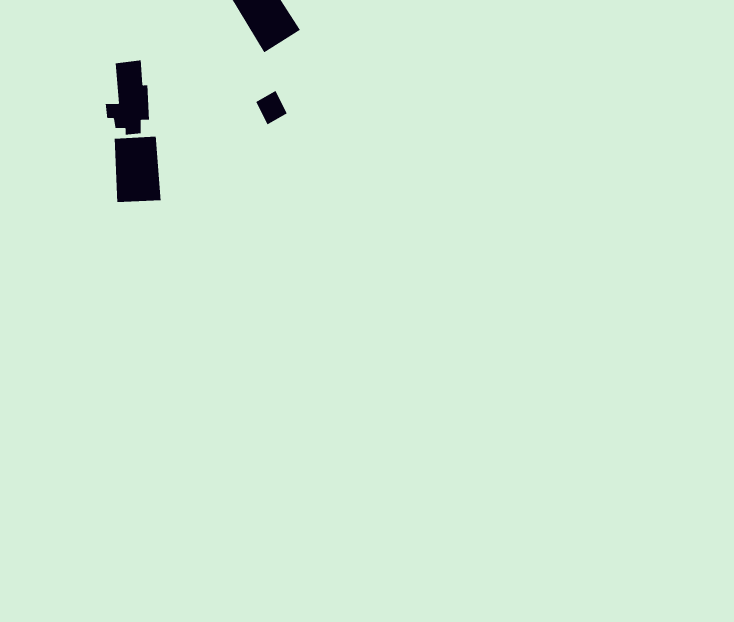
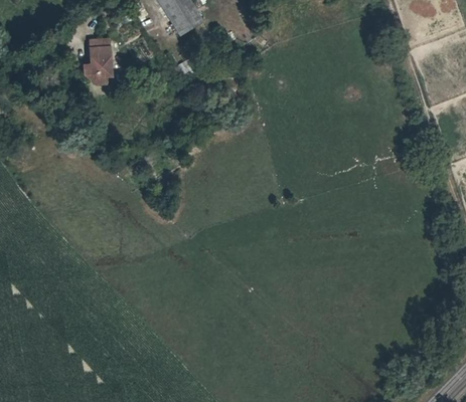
building: [114,136,161,203] -> none

